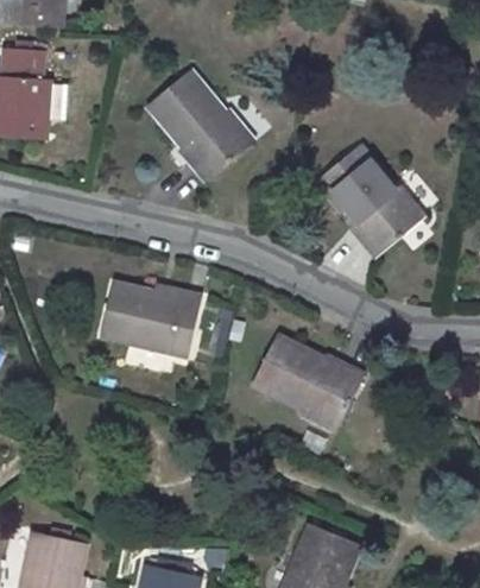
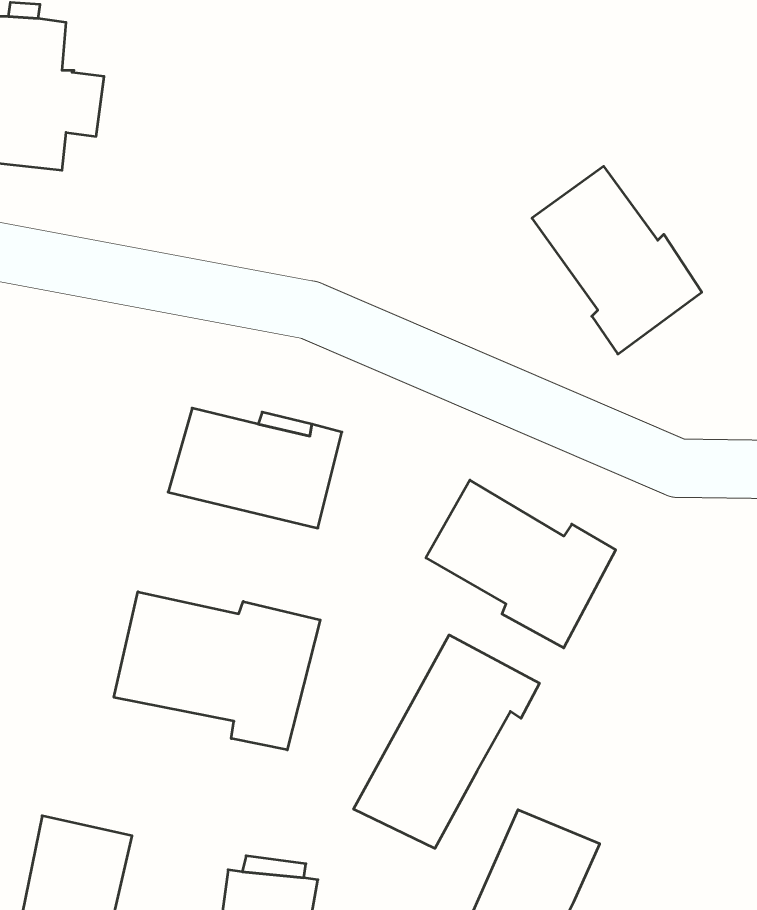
building: [154,69,257,182] -> none
building: none -> [114,592,320,750]
building: none -> [354,635,539,848]

